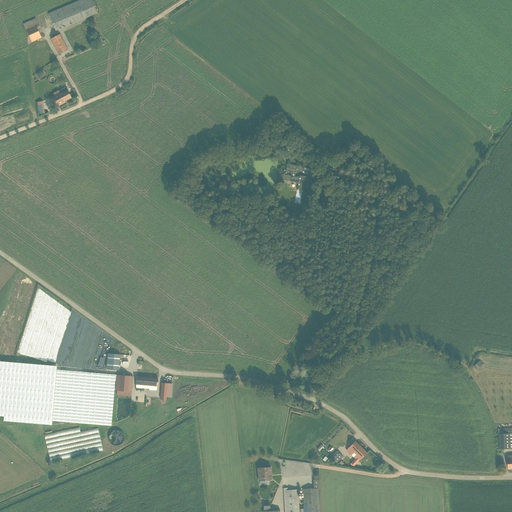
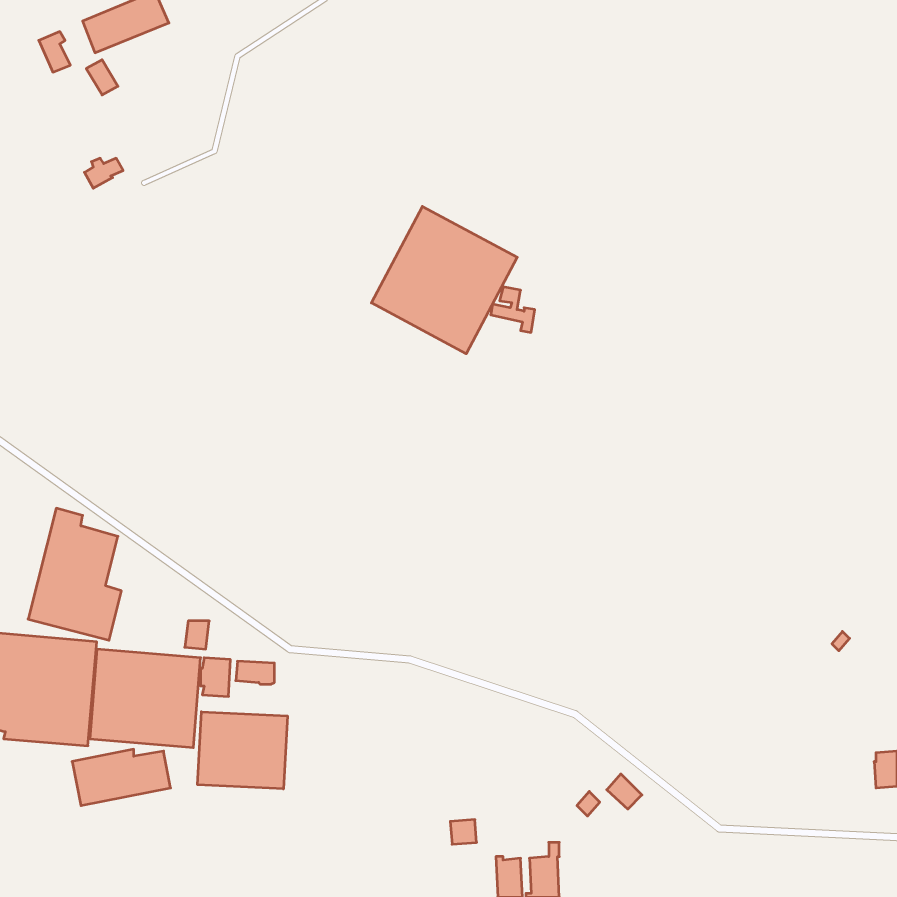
building: none -> [371,206,517,354]
building: none -> [198,712,287,789]

